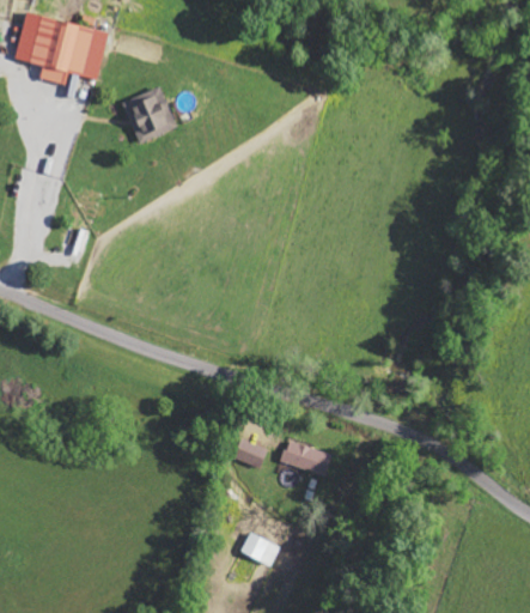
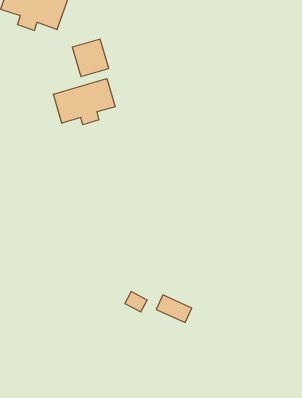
building: none -> [54,79,115,125]
building: [240,533,280,566] -> none

